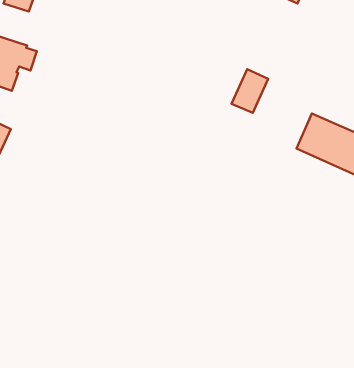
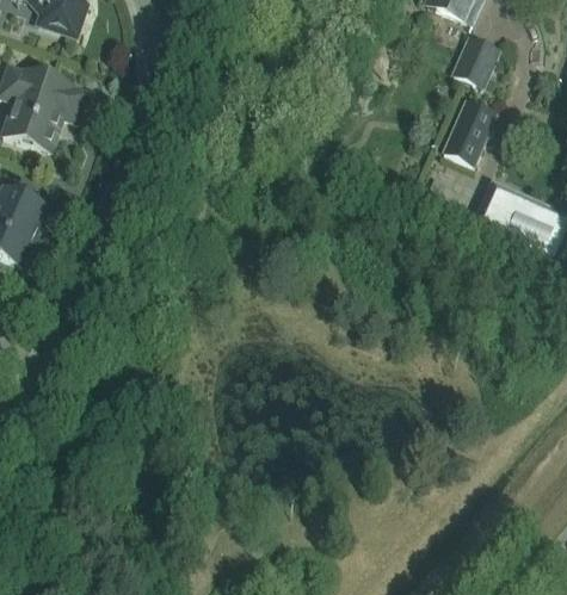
building: none -> [454,33,498,83]
building: [232,69,268,113] -> [443,97,497,161]

